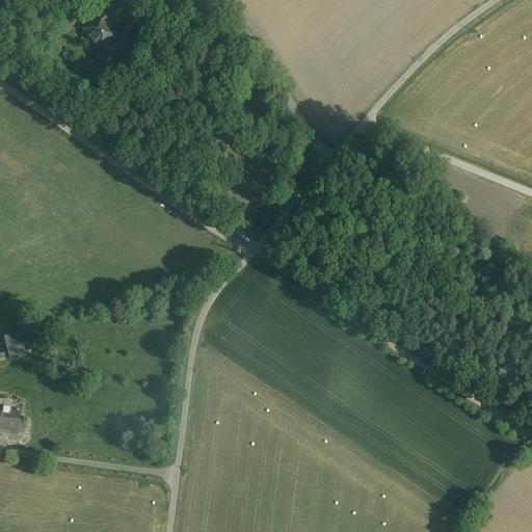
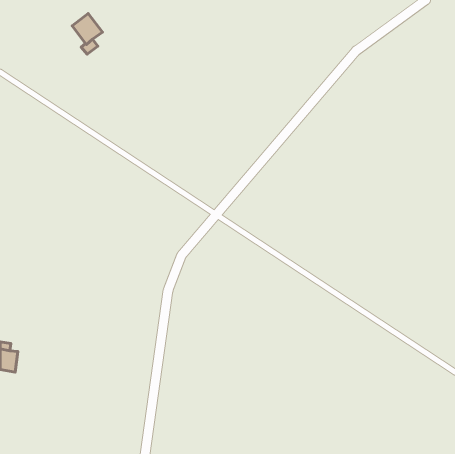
building: [4,335,27,362] -> none

